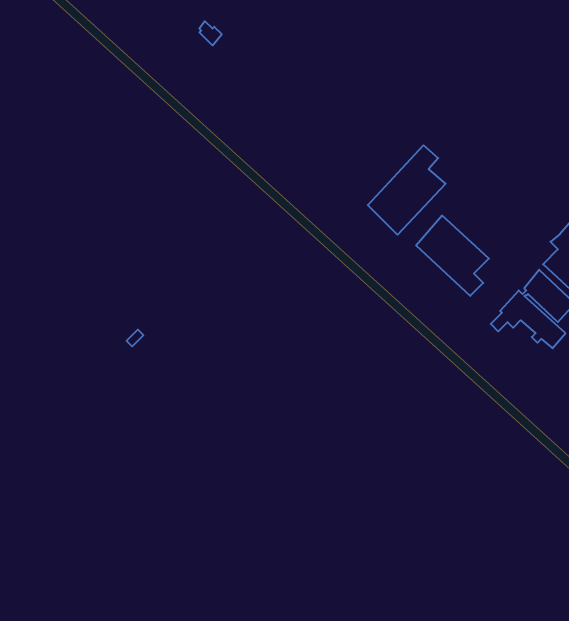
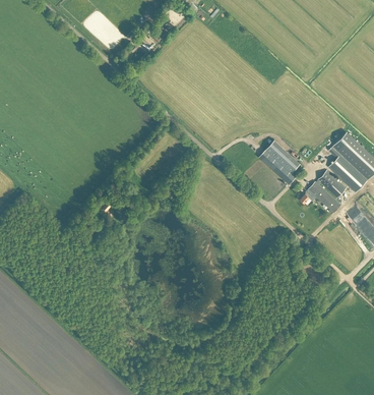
building: [368,145,446,235] -> none

